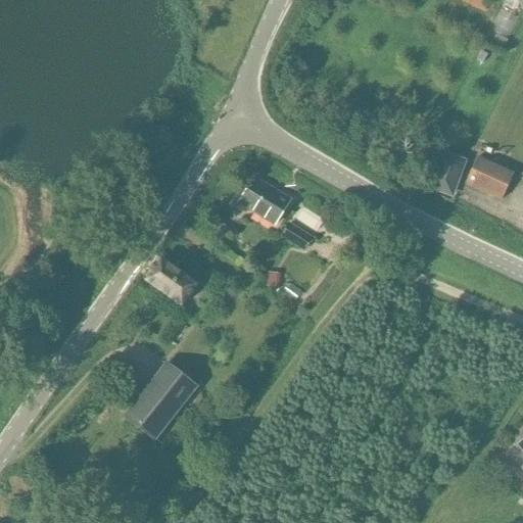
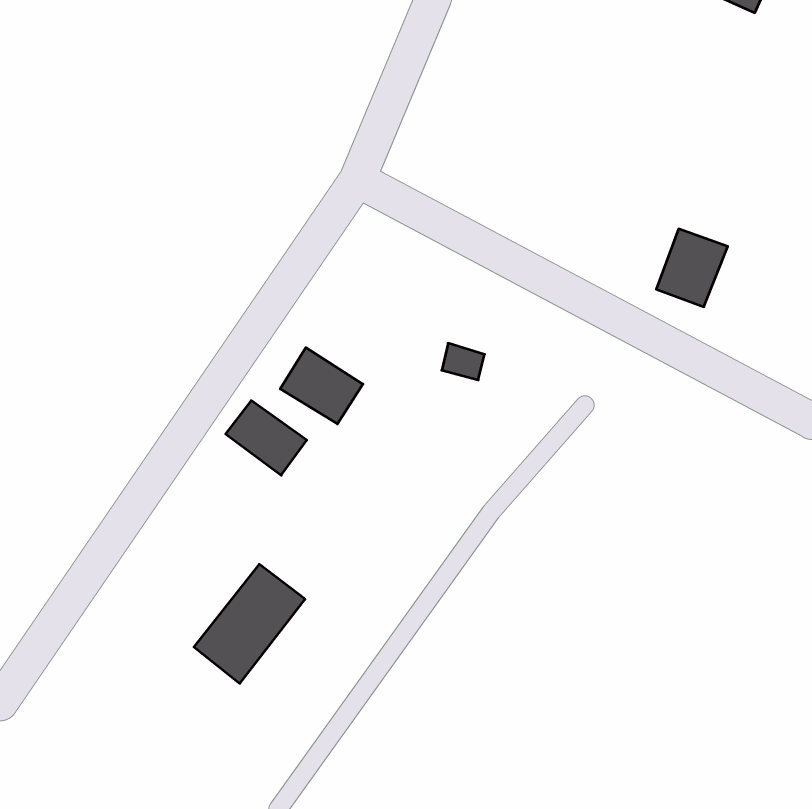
building: [465,154,513,198] -> none
building: [238,176,291,225] -> [280,348,363,424]

